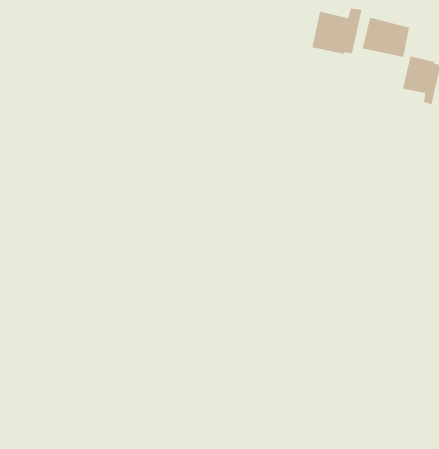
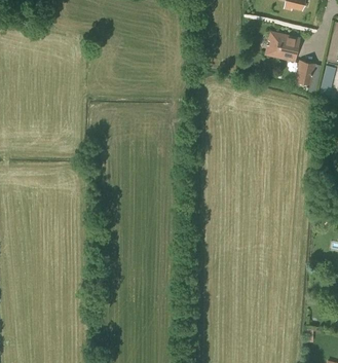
building: [312,8,362,54] -> none

